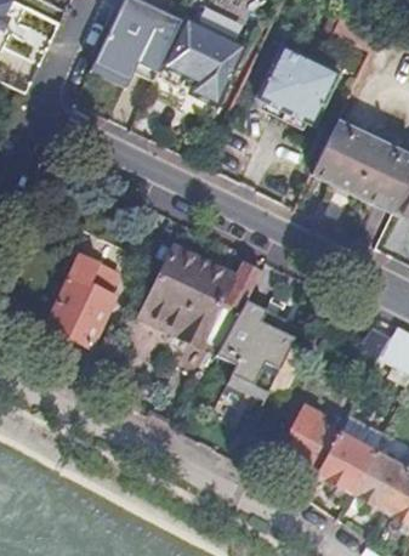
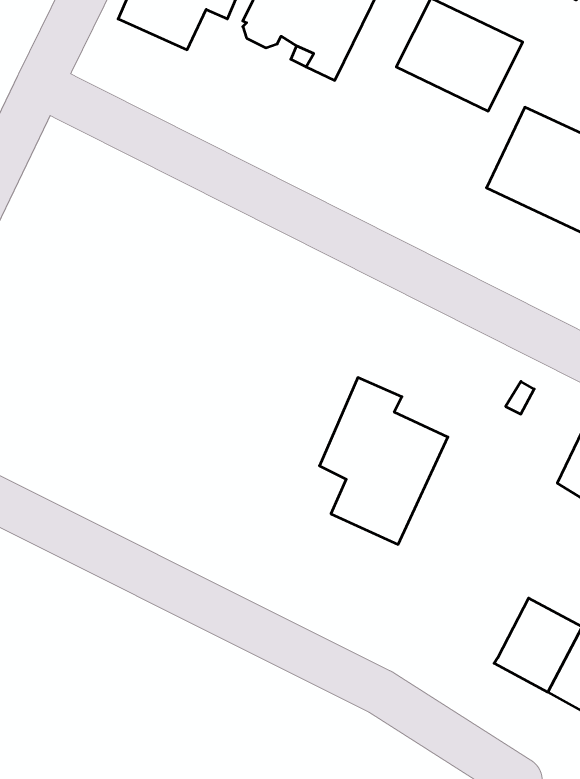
building: [146,245,234,335] -> none
building: [49,256,114,346] -> none
building: [286,404,340,470] -> none

